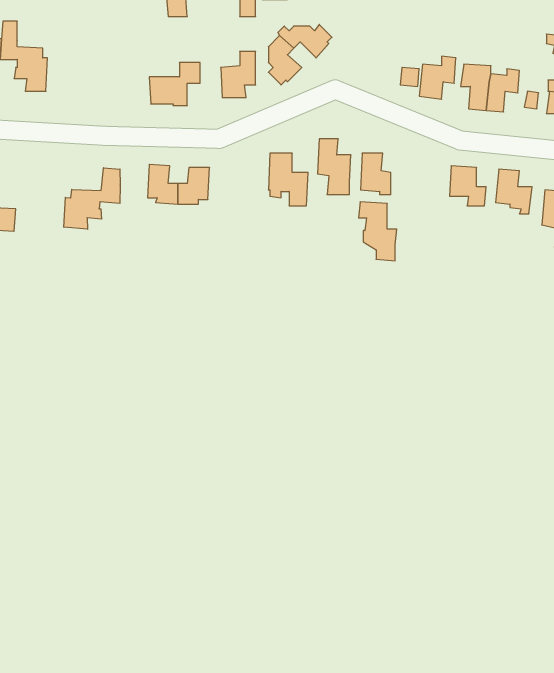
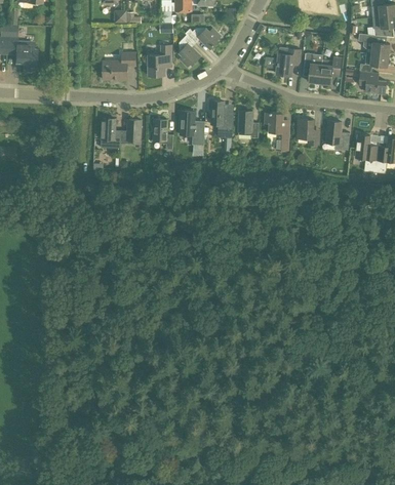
building: none -> [154,119,173,149]
building: [64,168,120,229] -> none
building: [359,202,397,261] -> [265,113,289,151]

